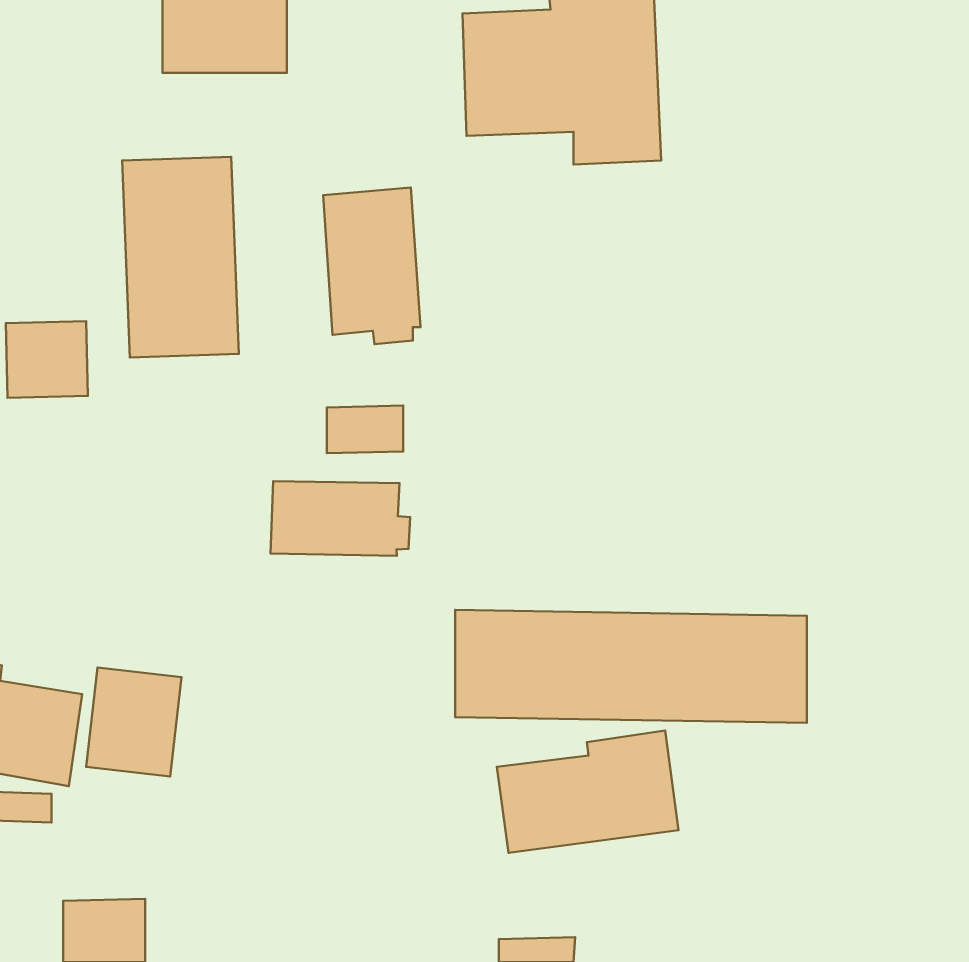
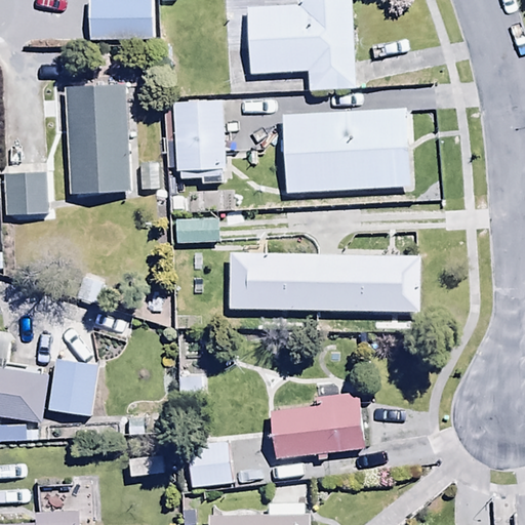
building: none -> [282,110,411,191]
building: [270,481,410,556] -> none
building: [455,610,807,723] -> [230,252,418,313]
building: none -> [185,440,234,487]

